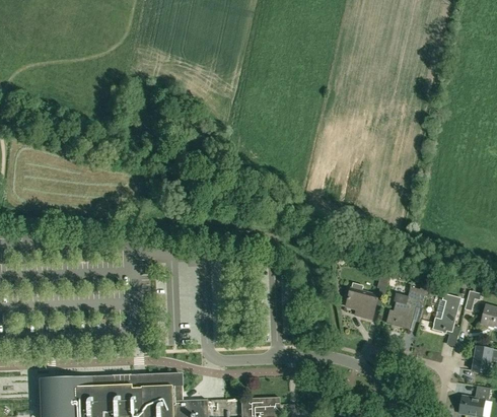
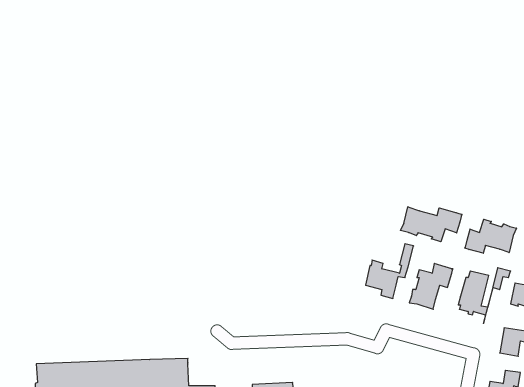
building: none -> [400,207,462,242]
building: none -> [465,219,516,253]

